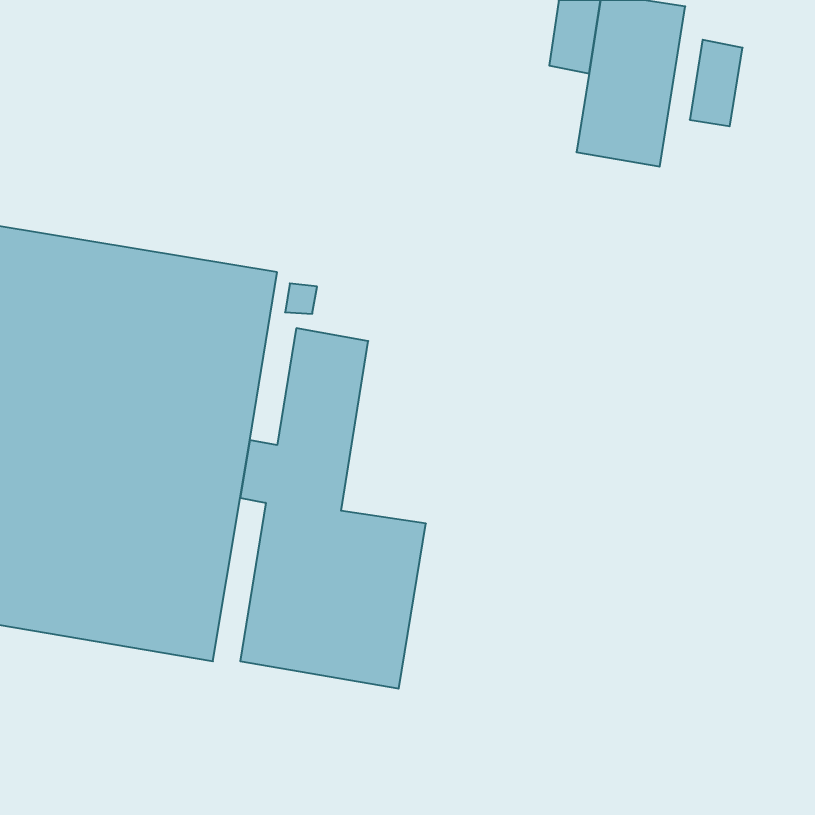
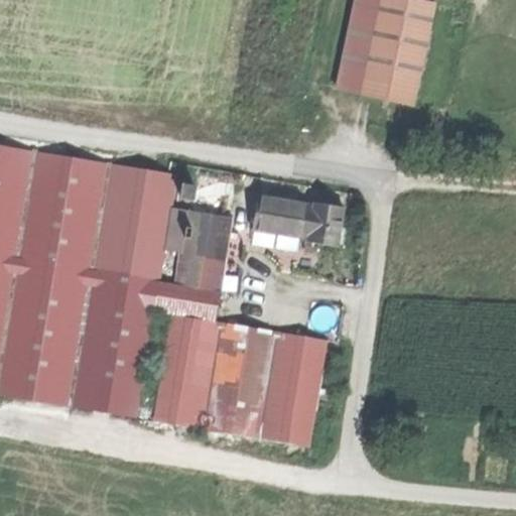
building: [690,40,743,126] -> [338,43,371,98]
building: none -> [253,195,344,246]
building: none -> [251,332,326,444]

